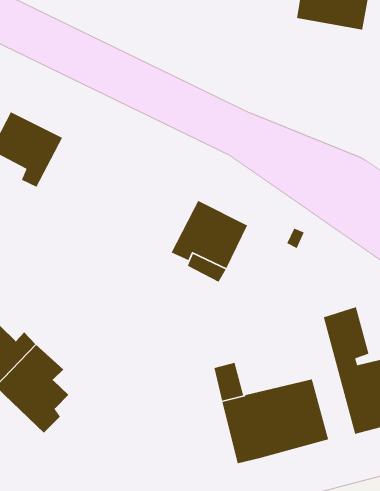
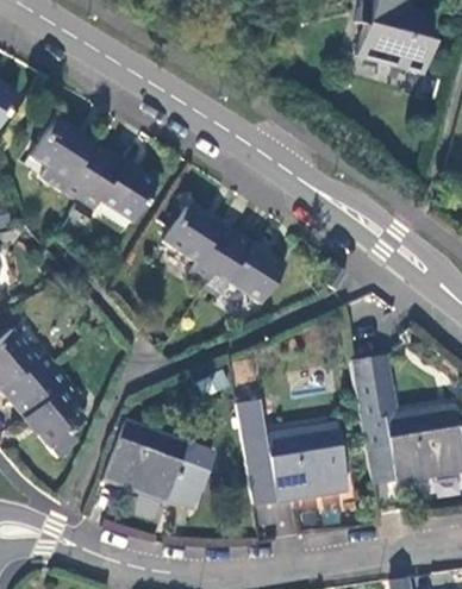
building: none -> [69,153,156,225]
building: none -> [163,202,237,282]
building: none -> [105,421,212,508]

